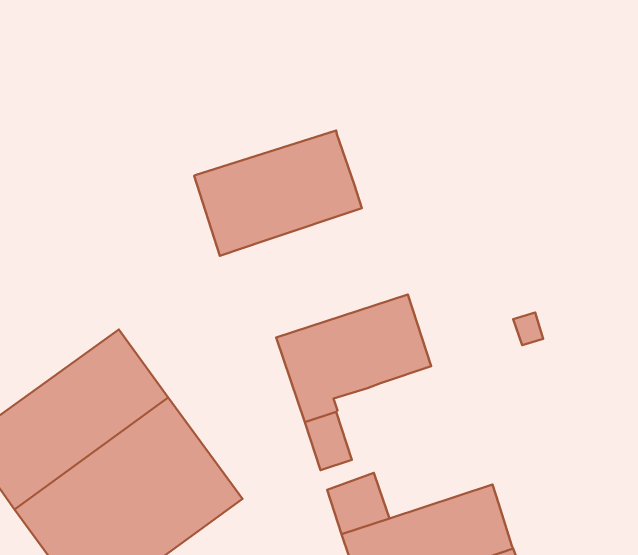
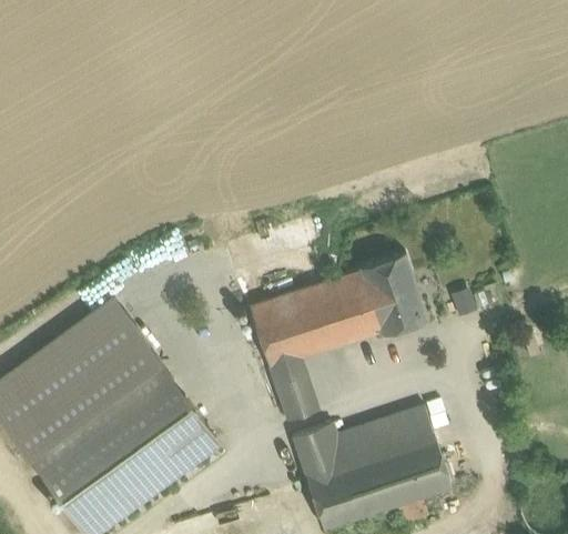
building: [194,131,362,256] -> none
building: none -> [359,252,427,334]
building: none -> [336,406,433,461]

